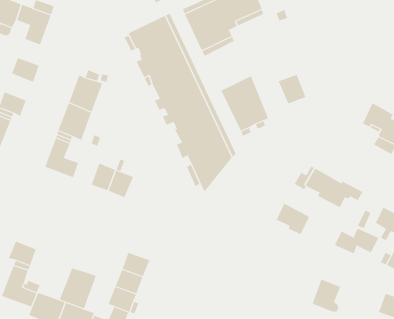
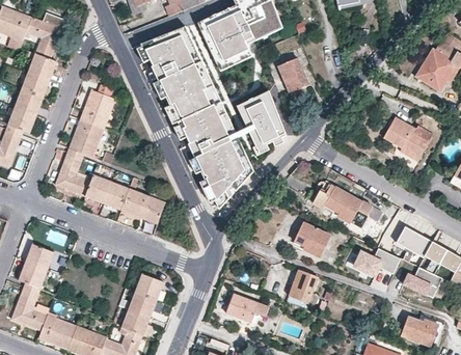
building: none -> [27,53,57,80]
building: none -> [13,88,44,116]
building: [278,74,306,104] -> [278,59,307,90]
building: none -> [85,174,111,203]
building: none -> [138,195,165,224]
building: none -> [25,244,54,270]
building: [59,267,96,309] -> none
building: none -> [225,293,268,322]
building: [312,279,341,312] -> [289,269,319,303]

